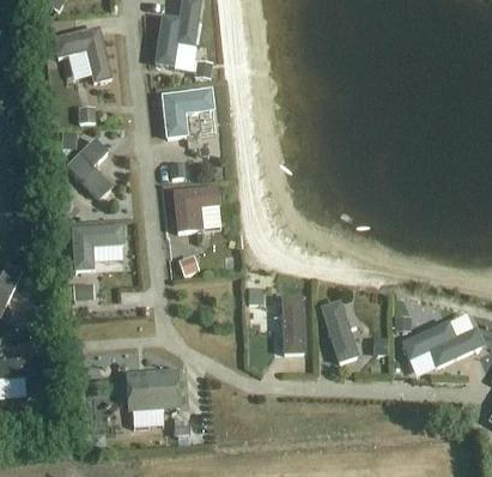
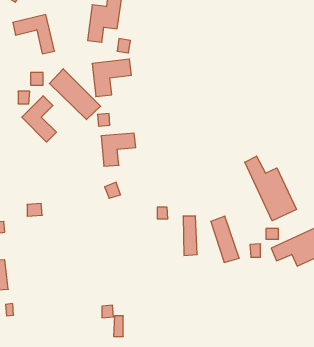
building: none -> [49,69,101,120]
building: none -> [245,156,296,221]
building: [71,224,123,270] -> none
building: [124,369,180,411] -> none

